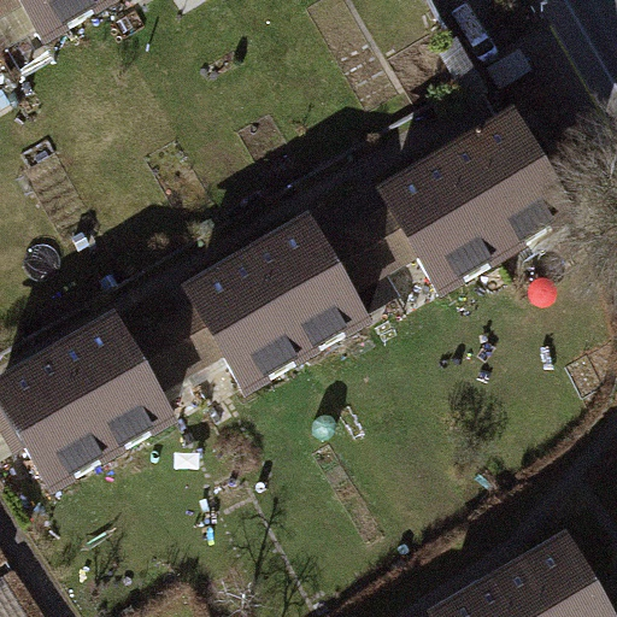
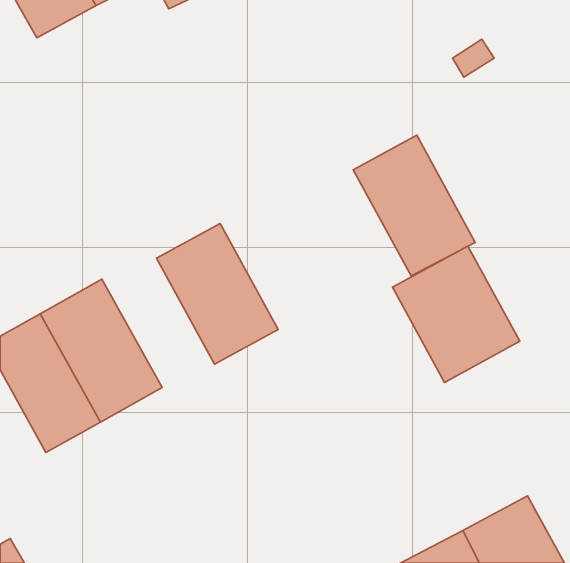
building: [451,112,577,262] -> none
building: [239,206,365,355] -> none
building: none -> [393,246,520,382]

